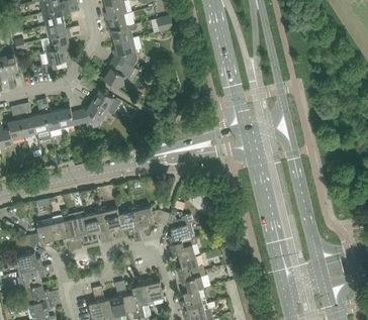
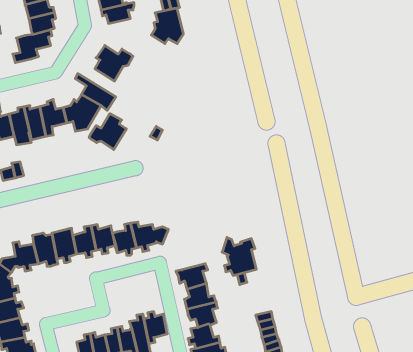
building: [111,37,137,67] -> [151,8,183,44]
building: none -> [89,114,126,150]
building: [166,213,194,244] -> [222,237,256,275]

